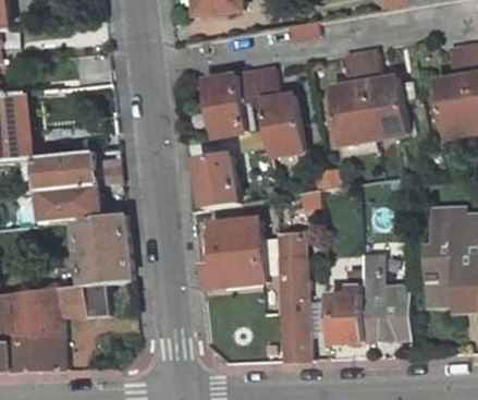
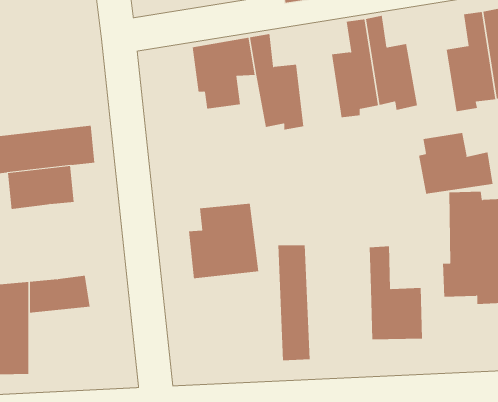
building: none -> [419,132,493,194]
building: [192,156,233,207] -> none
building: [78,215,130,286] -> none
building: [329,294,365,340] -> none

